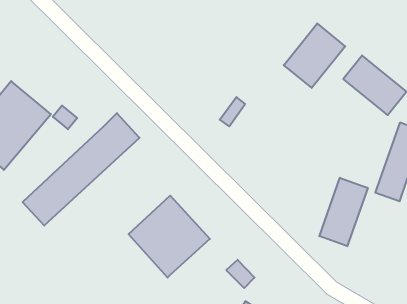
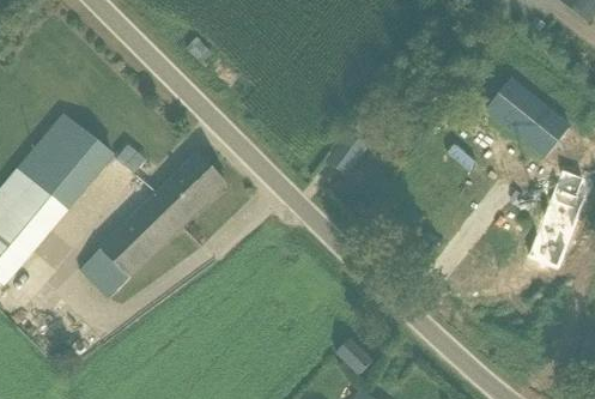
building: [284,23,345,88] -> none
building: [319,178,368,246] -> none
building: [129,196,210,278] -> none

